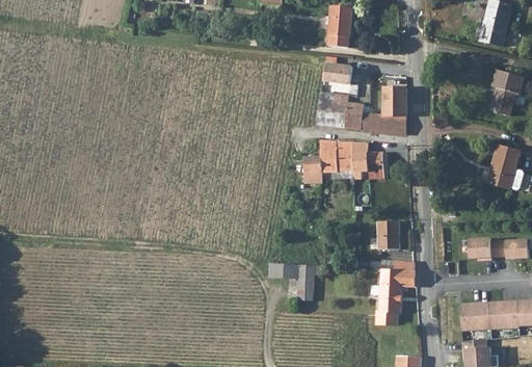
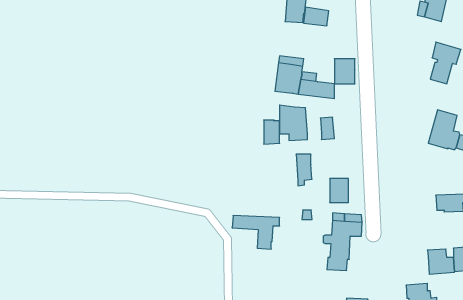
building: [323,62,351,83] -> [304,7,329,26]
building: [382,115,405,134] -> none
building: [350,142,368,178] -> [296,154,312,186]
building: [467,238,497,261] -> none
building: [458,303,488,331] -> none

